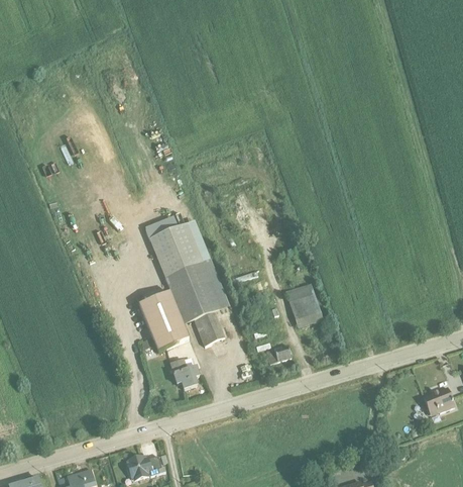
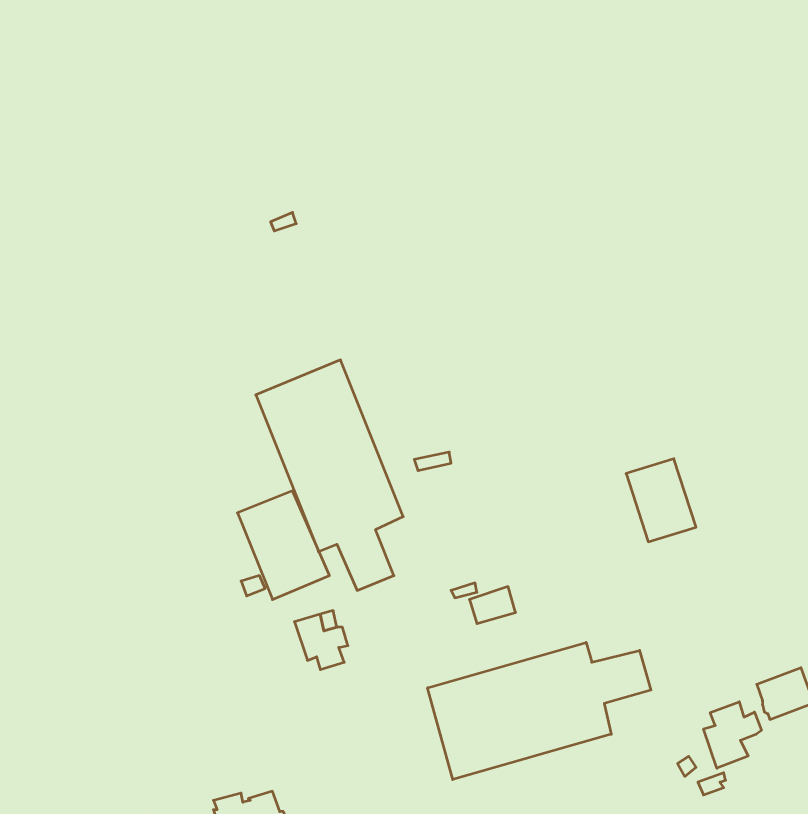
building: [284,282,323,327] -> [626,459,696,542]
building: none -> [428,642,651,780]
building: none -> [704,702,761,768]

